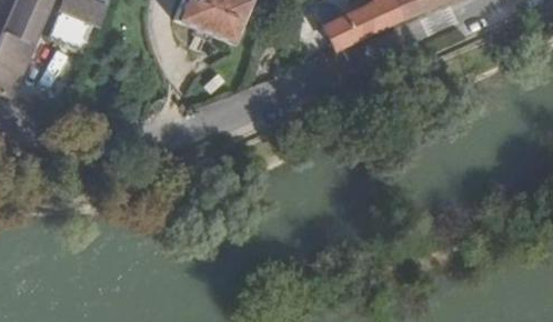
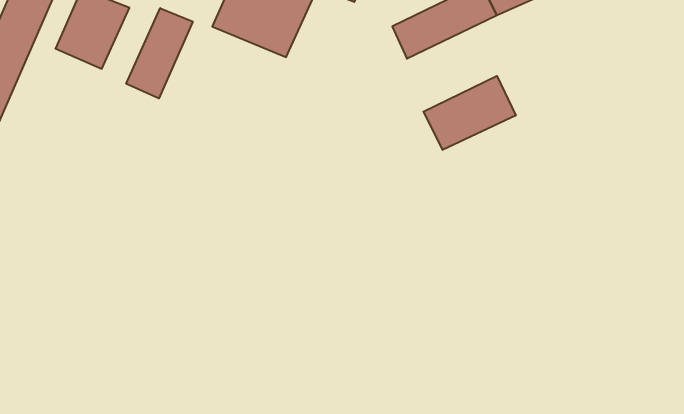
building: none -> [126,8,193,98]
building: none -> [423,76,516,150]

